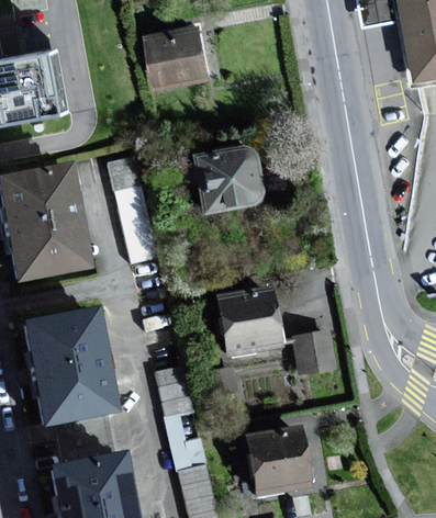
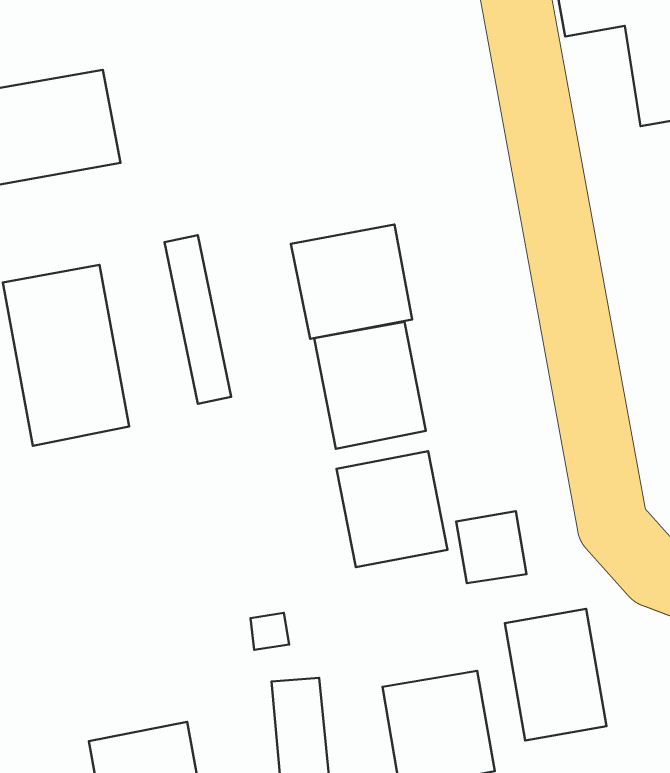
building: [149,23,215,91] -> none
building: none -> [314,322,426,449]
building: [37,313,113,425] -> none
building: none -> [505,609,607,741]

